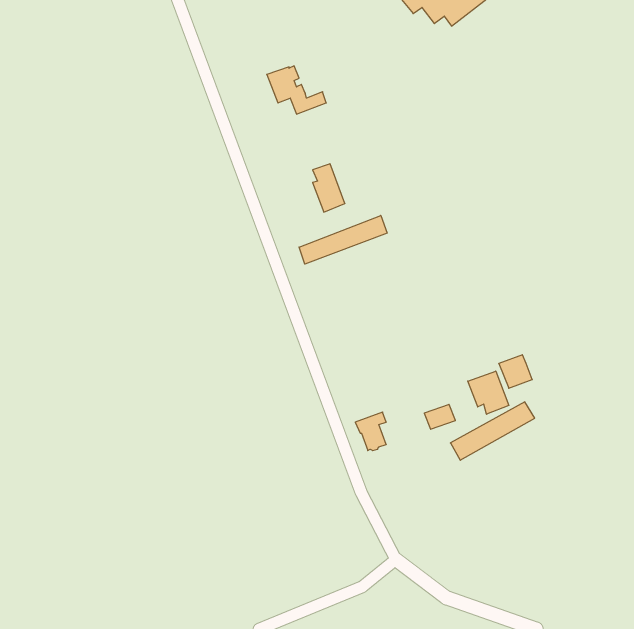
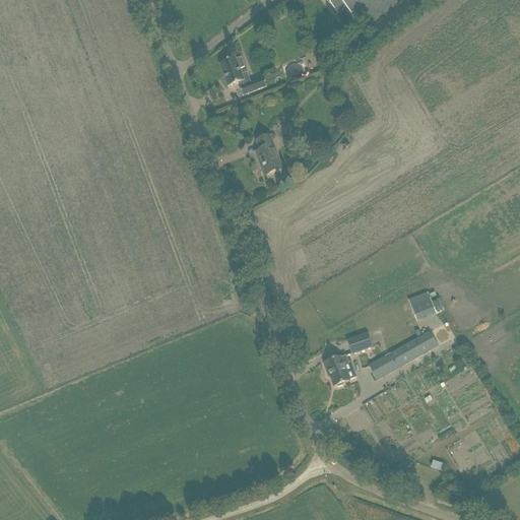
building: [299,215,387,264] -> none
building: [468,371,509,414] -> none
building: [355,412,386,451] -> [324,352,349,384]

